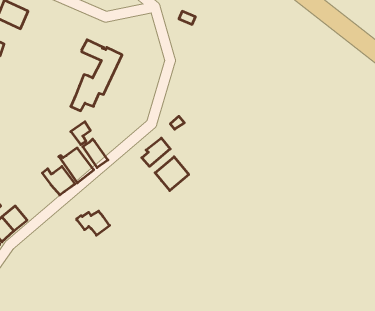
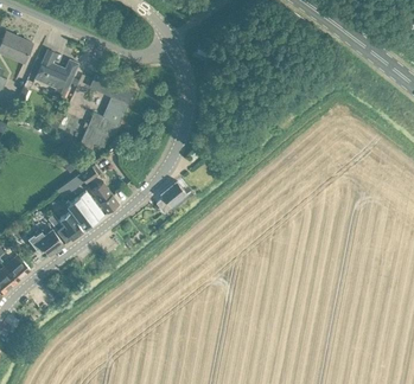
building: none -> [34,50,78,100]
building: [155,157,189,191] -> none
building: [77,211,110,235] -> [28,230,64,256]

